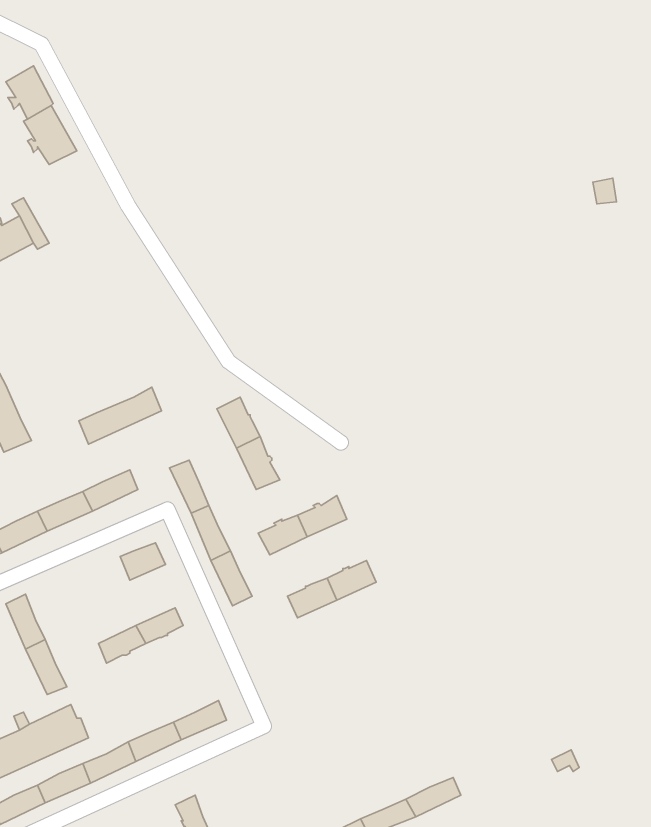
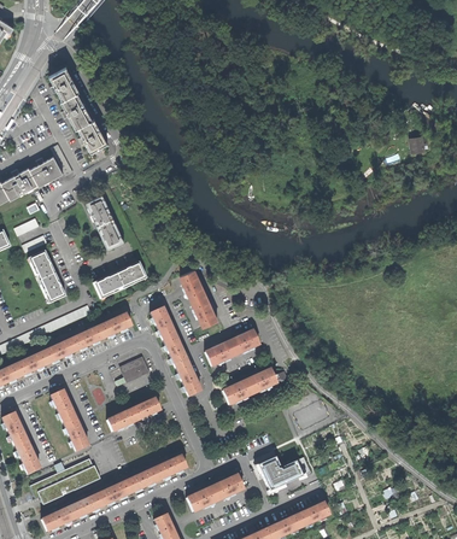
building: none -> [78,117,107,151]
building: none -> [86,194,124,248]
building: none -> [254,453,310,494]
building: none -> [186,473,244,512]

